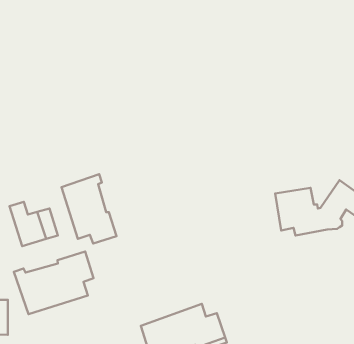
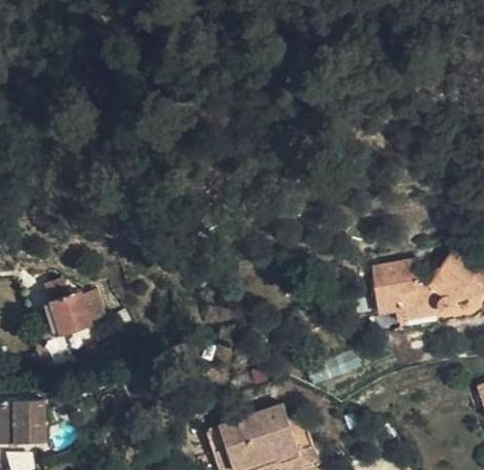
building: [62,174,117,244] -> none
building: [14,252,94,314] -> none

